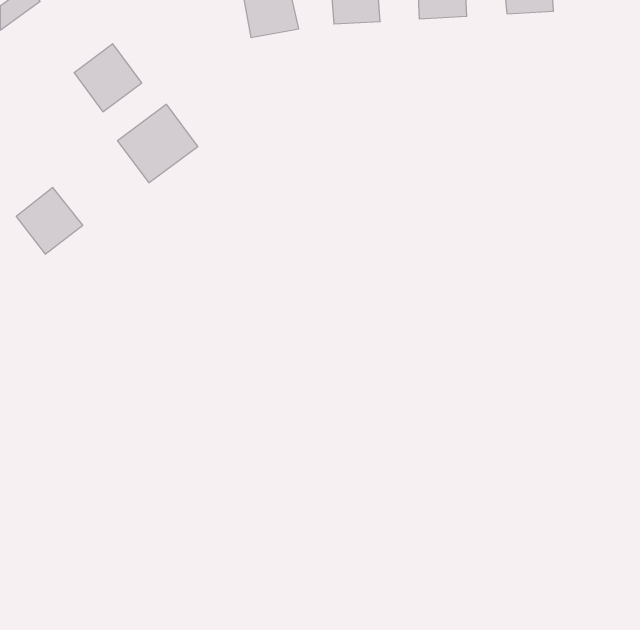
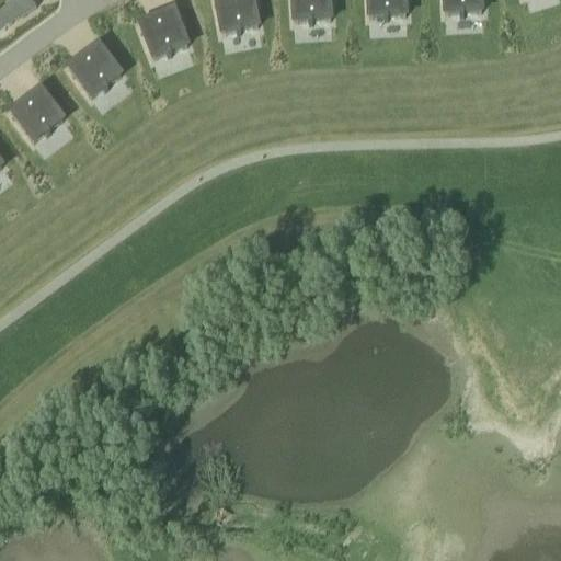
building: none -> [137,4,191,58]
building: [118,104,198,183] -> none
building: [16,188,83,254] -> [9,83,67,141]

